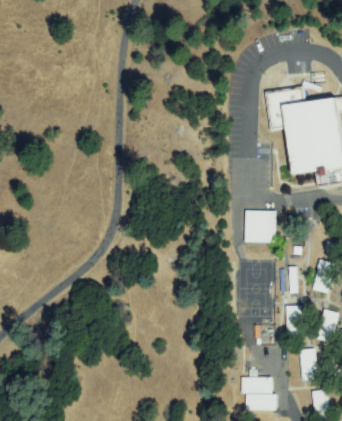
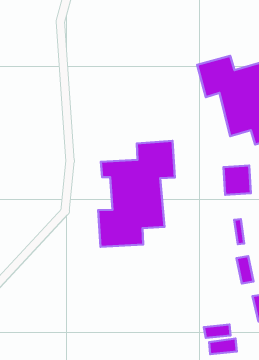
building: none -> [98,141,175,247]
building: [245,210,274,241] -> [223,166,251,195]

